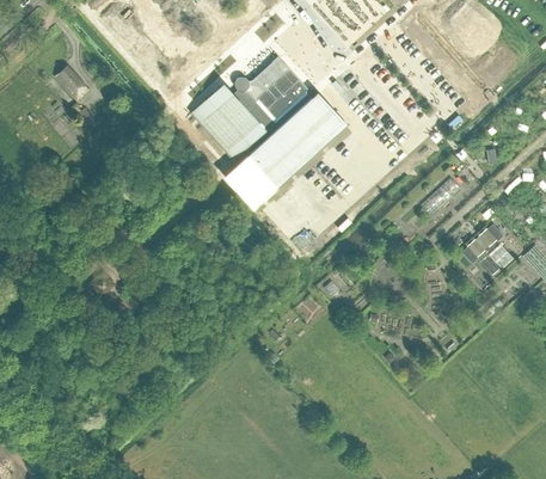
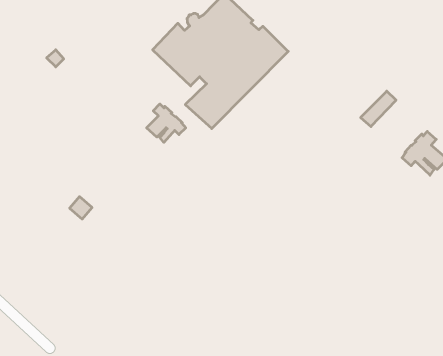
building: [54,66,87,99] -> none
building: none -> [147,104,186,142]

